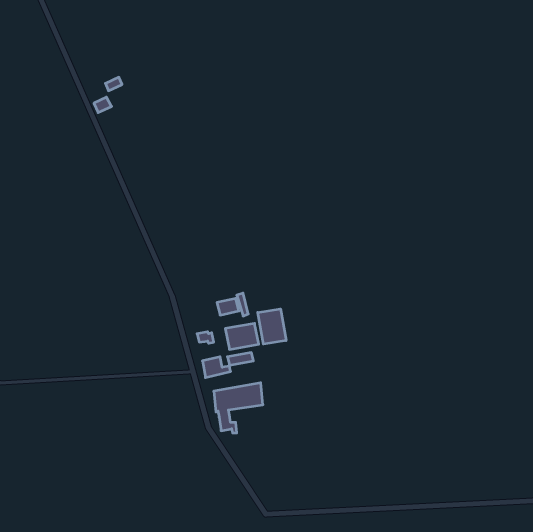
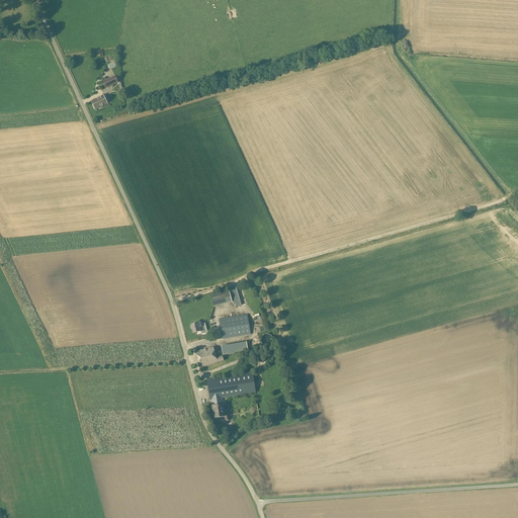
building: [258,309,286,344] -> none

